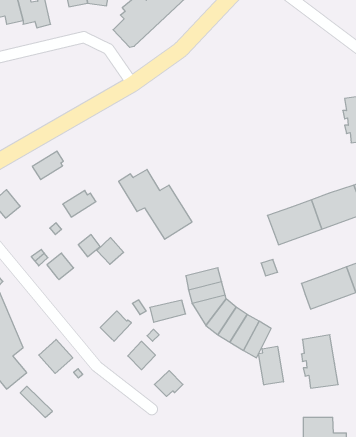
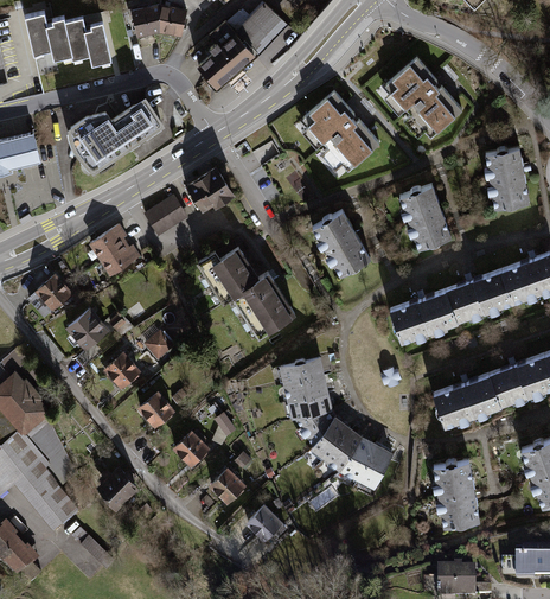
building: none -> [386,56,463,134]
building: none -> [302,90,379,168]
building: none -> [66,96,166,174]
building: none -> [180,165,232,214]
building: none -> [401,186,454,254]
building: none -> [145,196,185,235]
building: none -> [311,211,371,280]
building: [63,190,96,217] -> [96,242,139,276]
building: none -> [70,313,103,348]
building: [97,238,124,264] -> [137,393,172,427]
building: [150,300,186,322] -> [279,356,325,384]
building: [259,346,283,385] -> none

